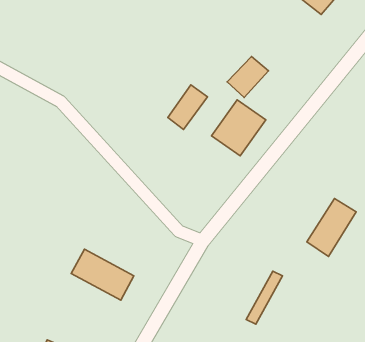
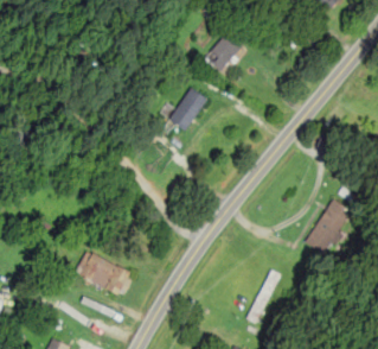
building: [227,56,268,98] -> [205,31,245,71]
building: [212,100,266,156] -> none

